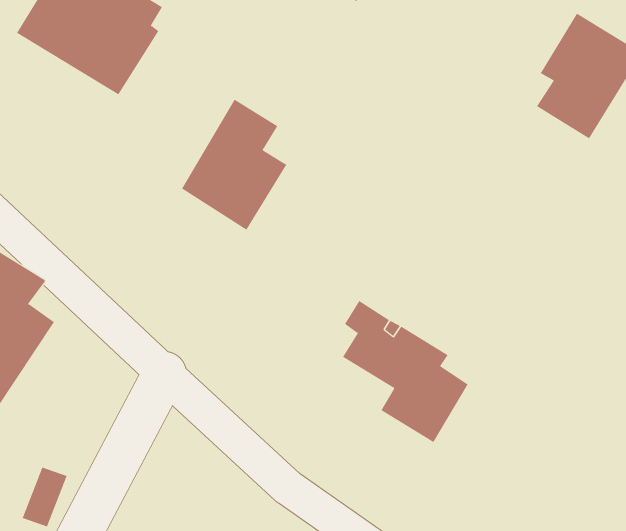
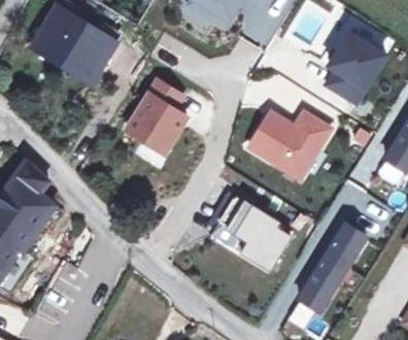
building: none -> [249,113,332,179]
building: none -> [297,224,365,312]

